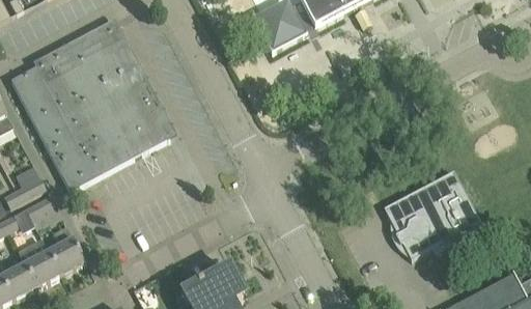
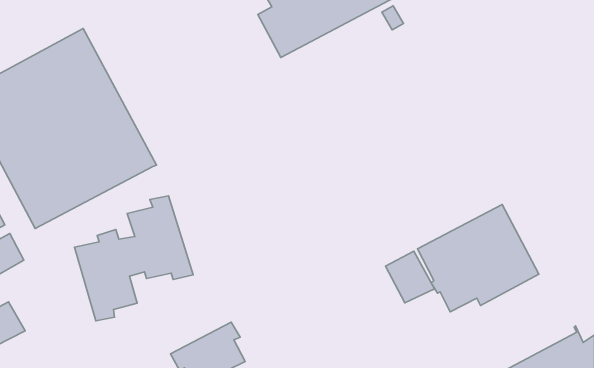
building: none -> [75,196,193,321]
building: none -> [386,251,435,303]
building: [48,227,85,273] -> none

